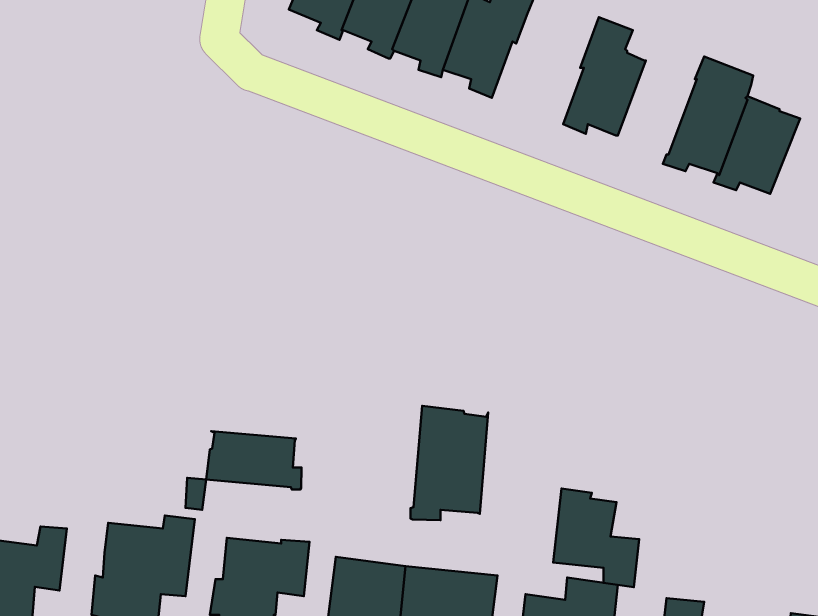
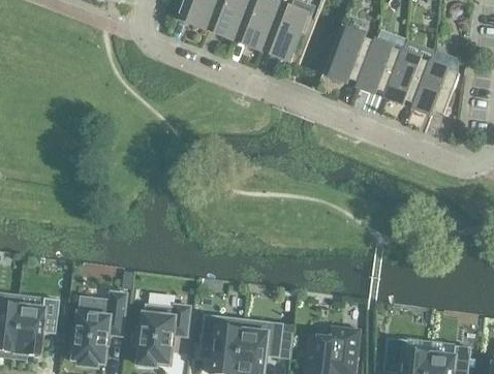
building: none -> [358,38,403,92]
building: [411,406,488,520] -> none
building: [206,431,302,489] -> none
building: [553,489,639,587] -> none

